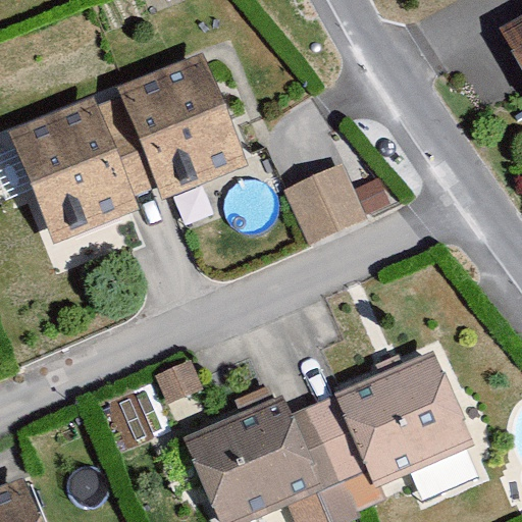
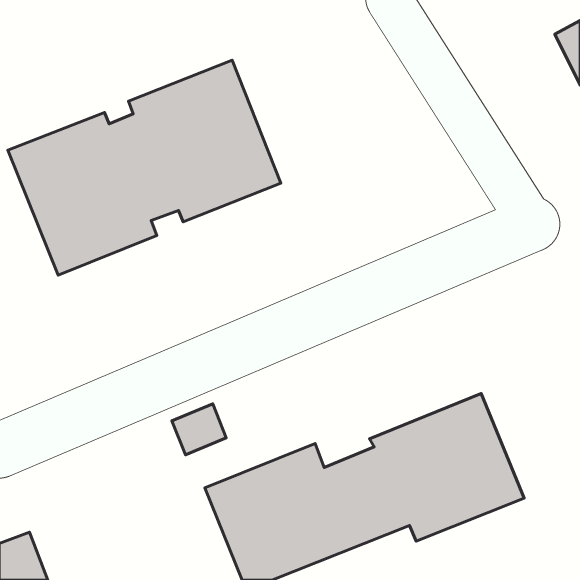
building: [286,163,367,242] -> none

